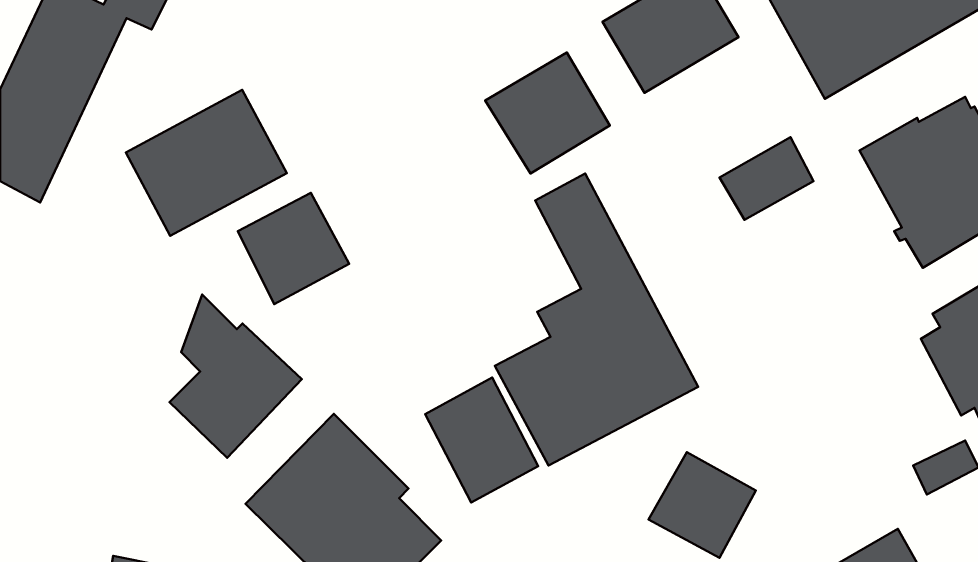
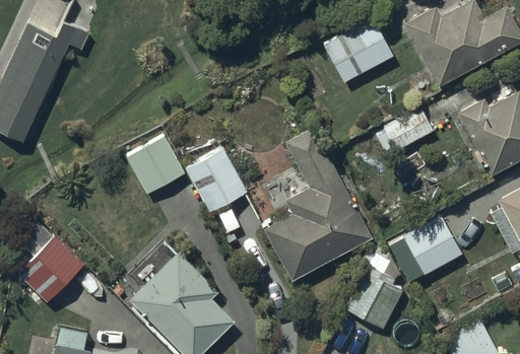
building: [485,52,610,173] -> none
building: [126,90,287,236] -> none
building: [170,295,302,458] -> [17,218,87,304]
building: none -> [387,216,460,282]
building: [425,378,538,502] -> [187,147,247,213]

